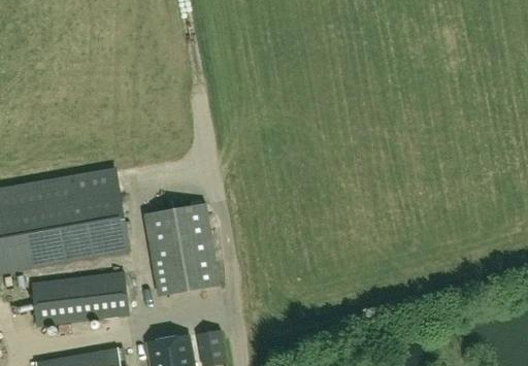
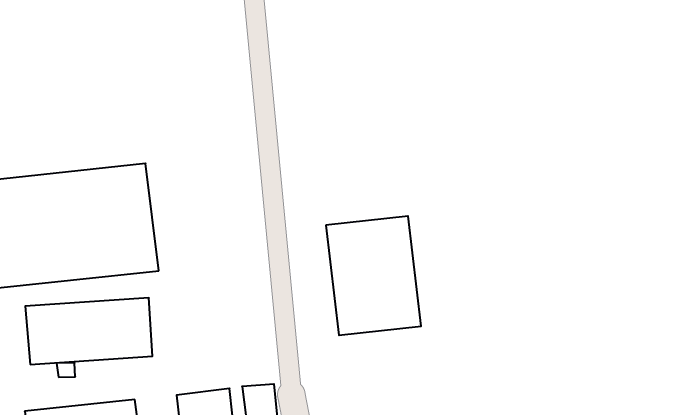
building: [144,203,220,295] -> [326,216,421,335]

